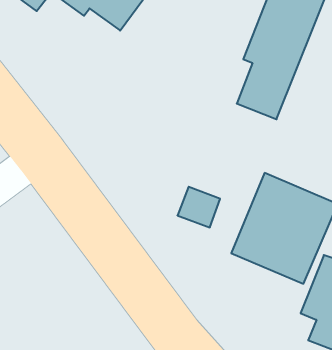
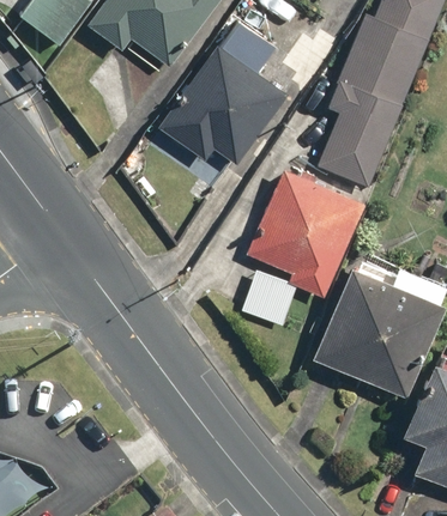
building: none -> [157,43,288,164]
building: none -> [246,168,364,297]

